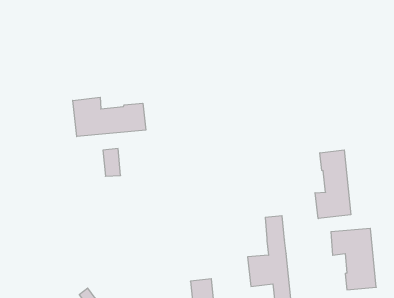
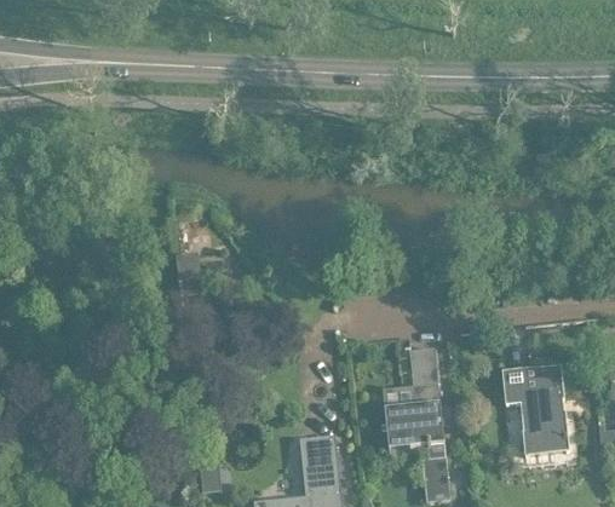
building: [73,97,146,137] -> none
building: [315,150,351,219] -> none

